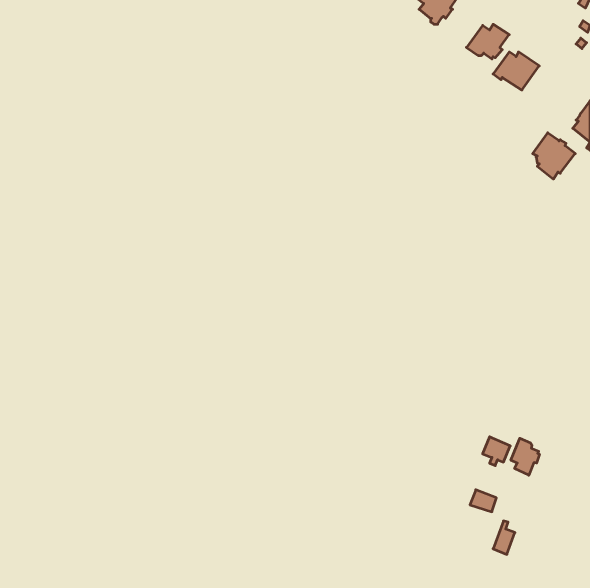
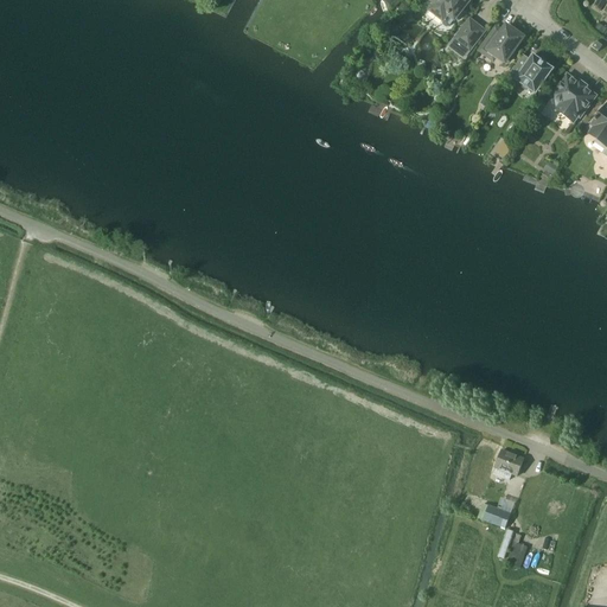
building: none -> [448,19,484,57]
building: [533,133,575,179] -> [551,74,595,121]
building: [511,438,539,475] -> none

